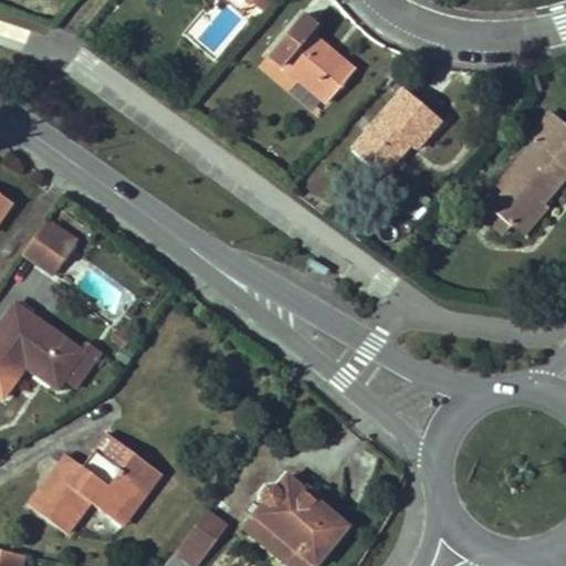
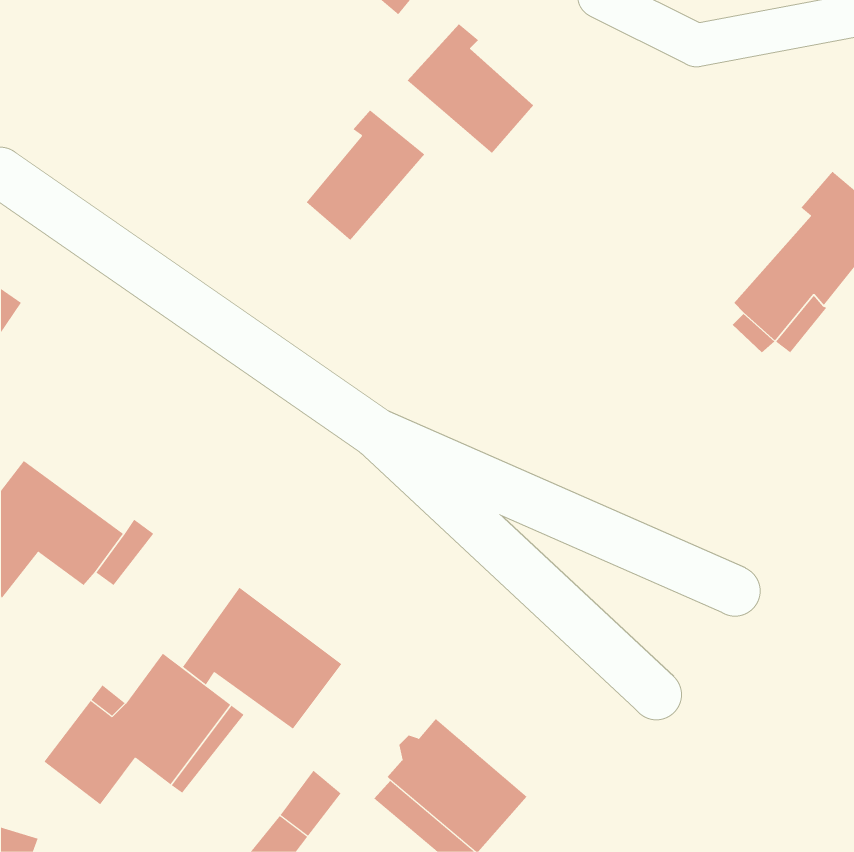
building: none -> [306,110,425,241]
building: [352,87,442,176] -> none
building: [25,220,75,269] -> none
building: none -> [182,587,342,729]

